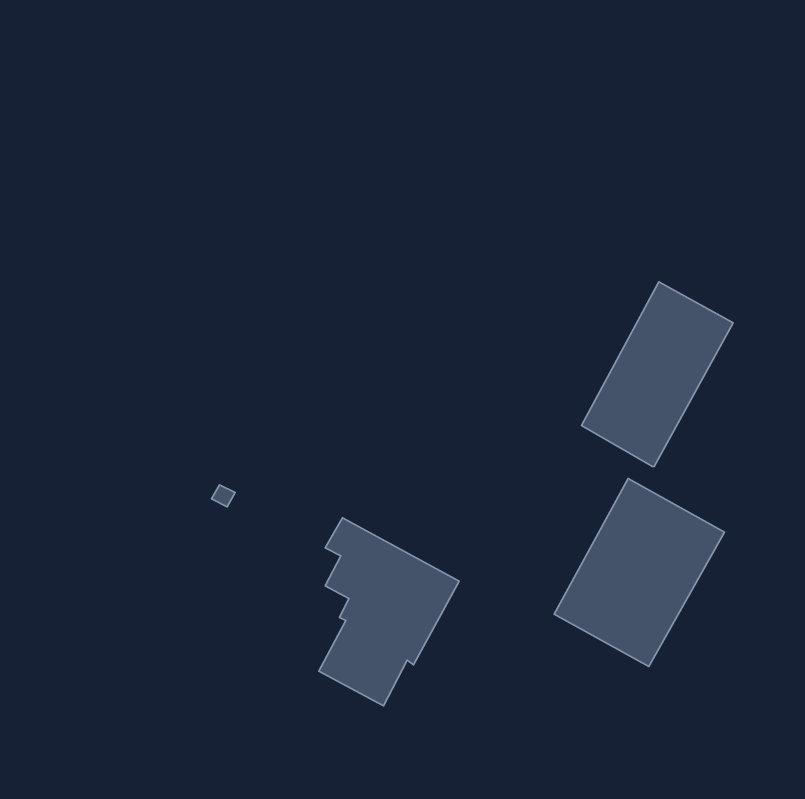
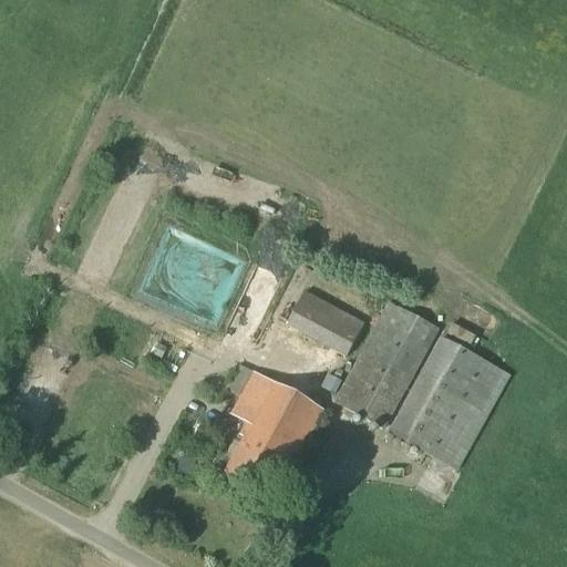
building: [582,282,733,467] -> [333,298,440,427]
building: none -> [270,284,365,355]

